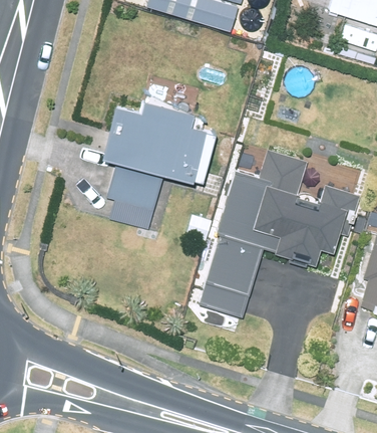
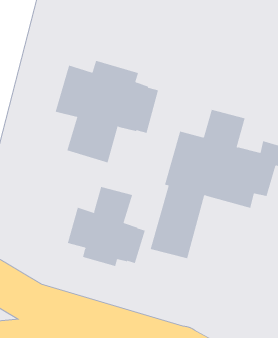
building: none -> [67,186,145,267]

